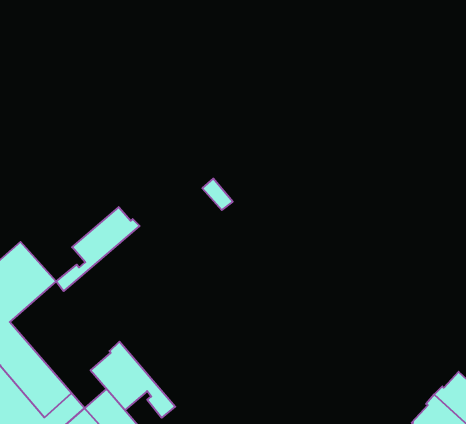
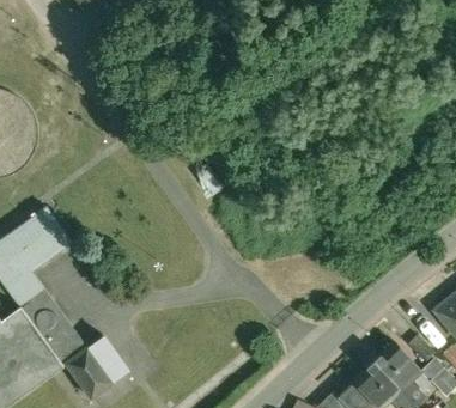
building: [56,207,140,291] -> none
building: [91,342,175,418] -> none

